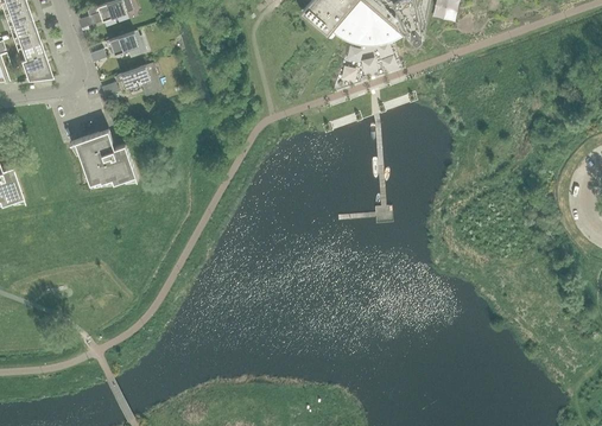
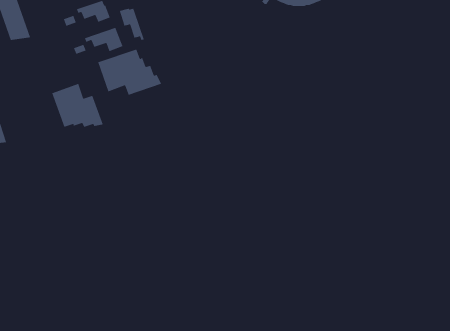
building: none -> [119,8,145,41]
building: none -> [97,48,162,96]

